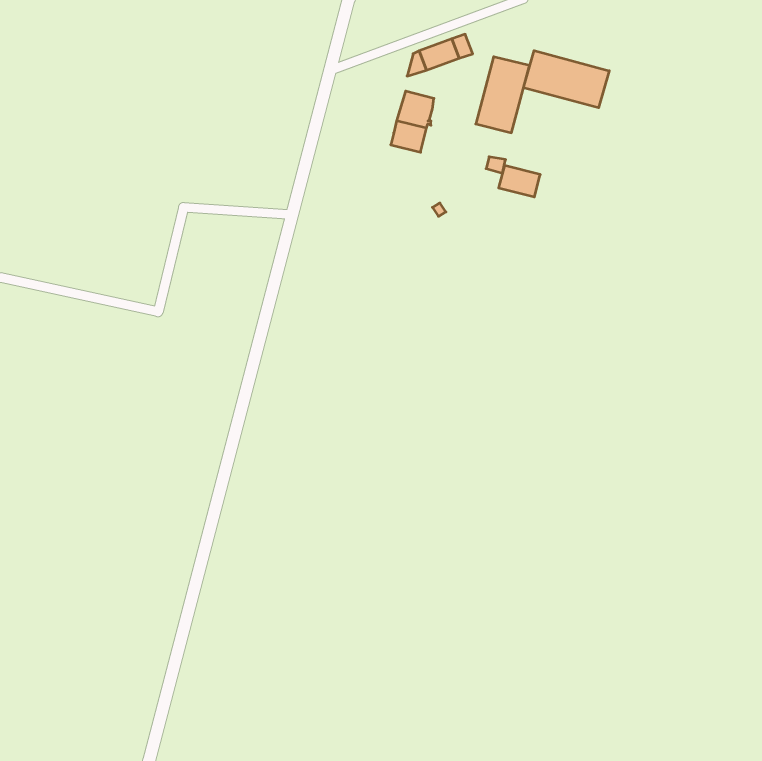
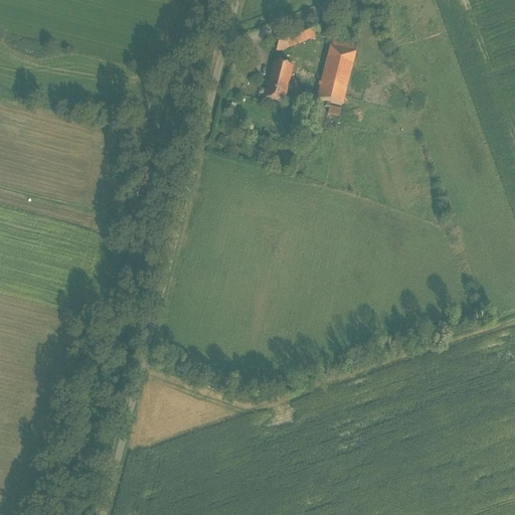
building: [523,51,609,108] -> none
building: [499,166,540,197] -> [317,83,345,105]

